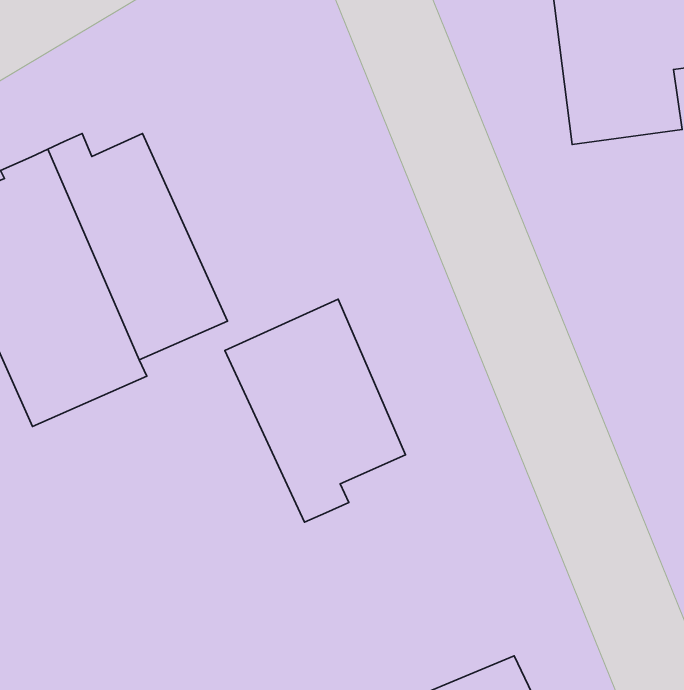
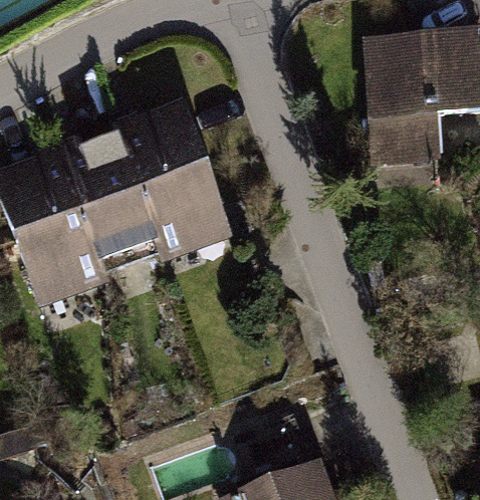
building: none -> [112,101,231,261]
building: [225,299,406,522] -> none

